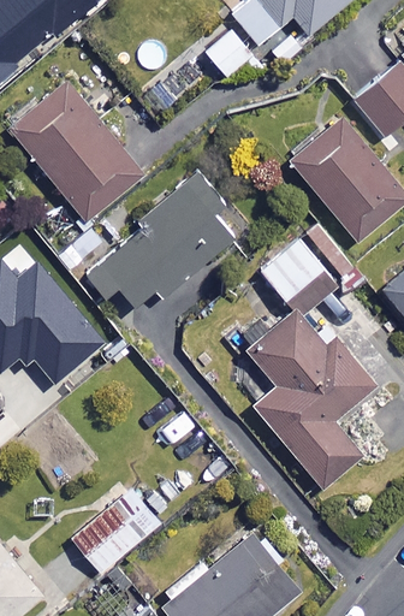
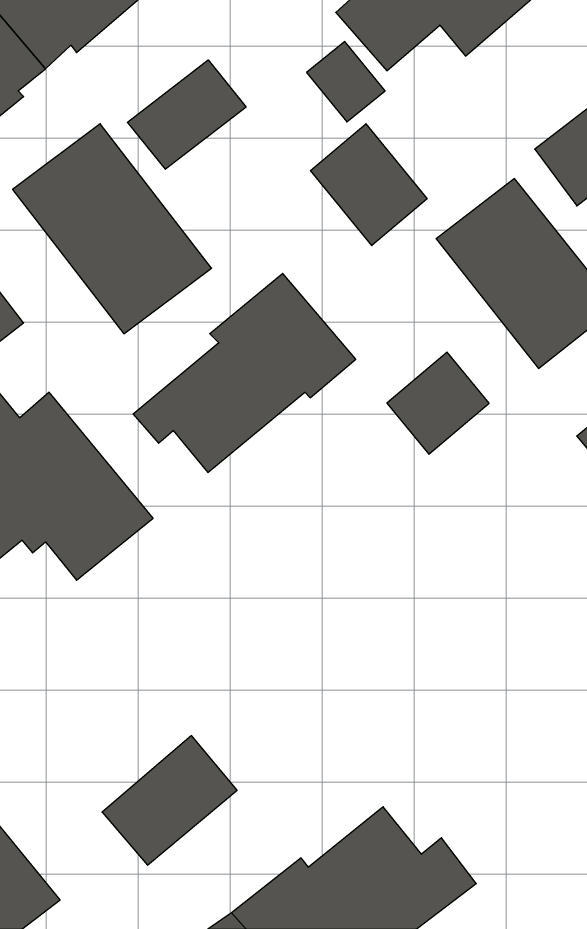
building: none -> [127,60,246,169]
building: none -> [311,124,427,246]
building: [246,313,374,490] -> none

